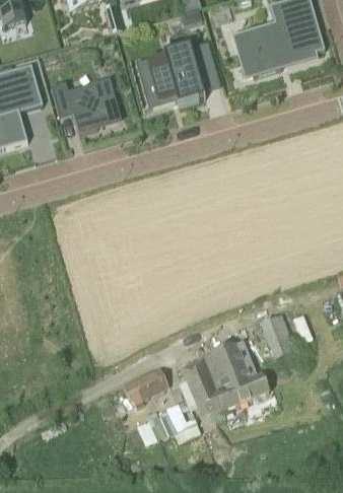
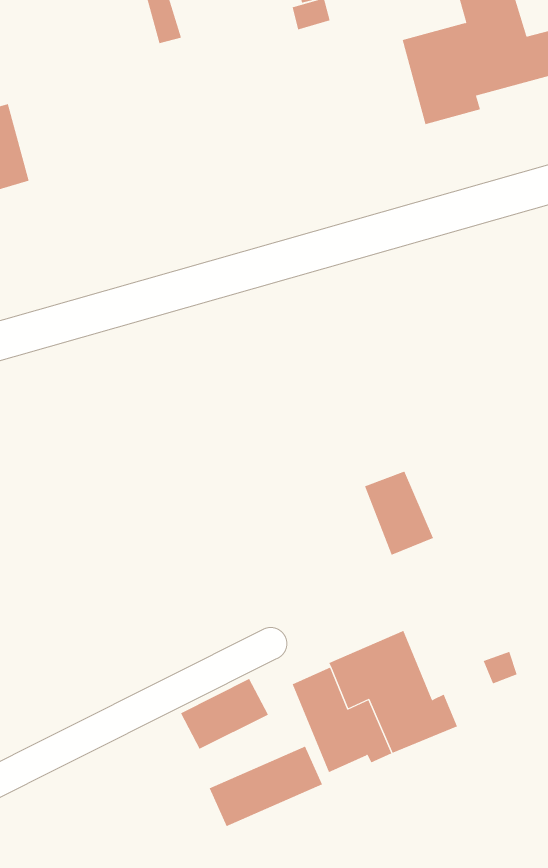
building: [146,44,204,104] -> none
building: [50,78,115,133] -> none
building: [260,313,296,358] -> [364,471,434,556]

